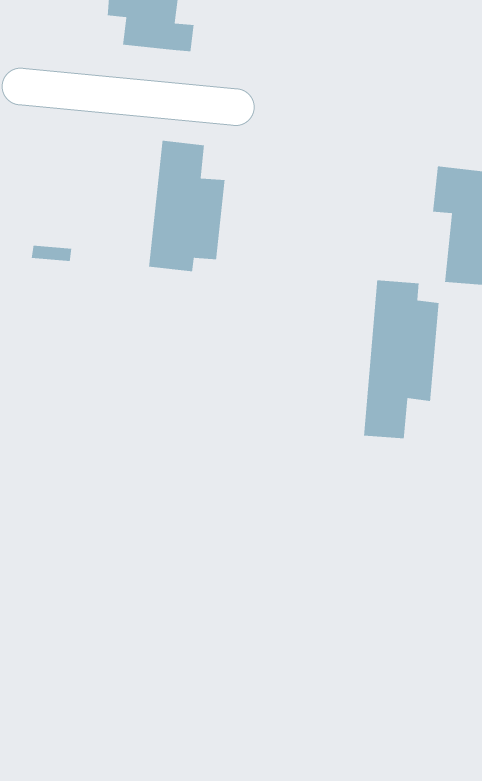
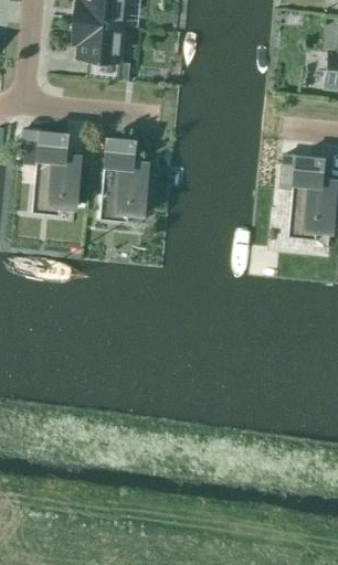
building: none -> [22,129,82,207]
building: [363,280,440,439] -> none

